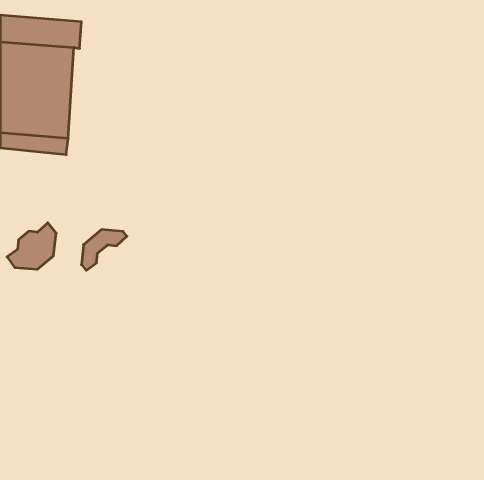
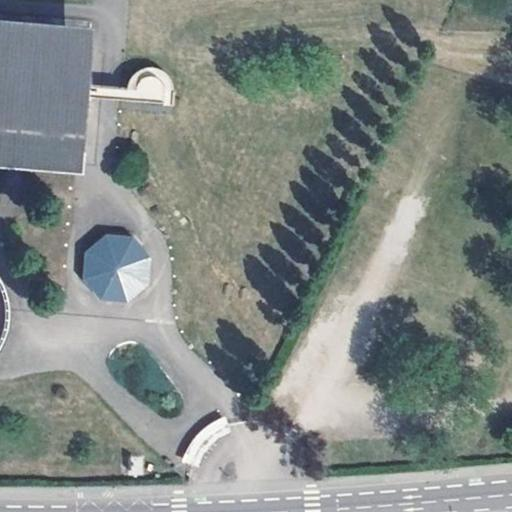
building: [7,223,56,269] -> [91,254,143,303]

